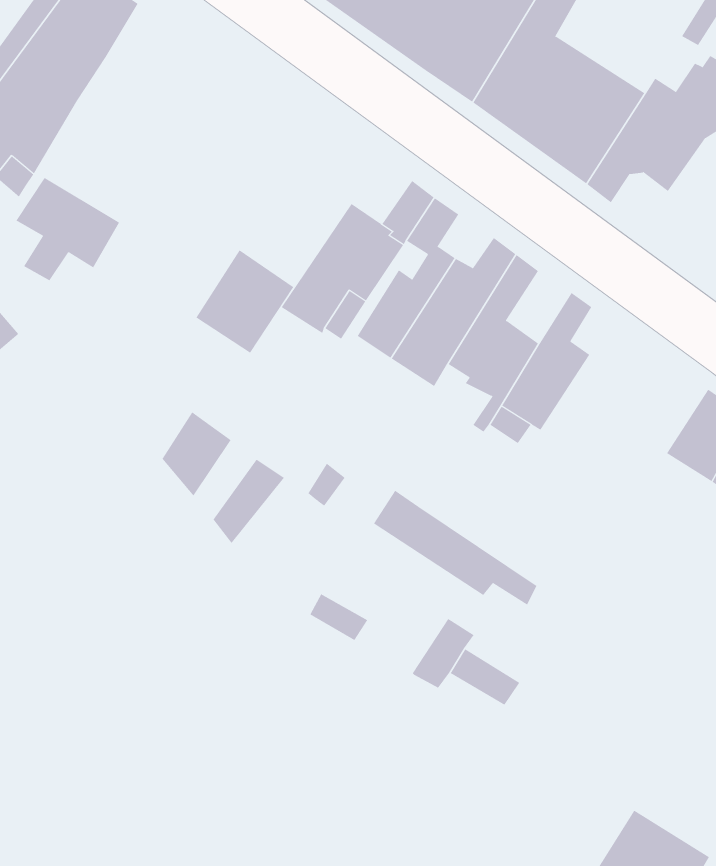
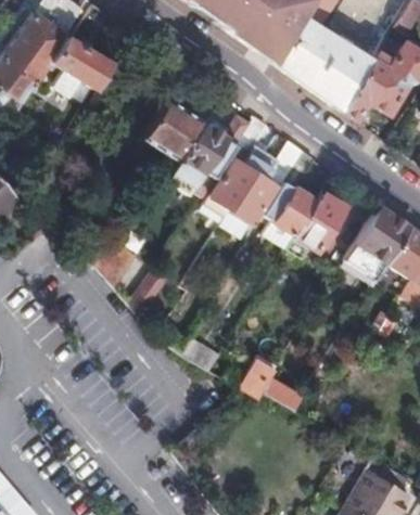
building: [16,177,120,281] -> [50,37,110,96]
building: [195,249,294,354] -> [143,99,200,158]
building: none -> [344,205,410,282]
building: [373,490,537,605] -> none

